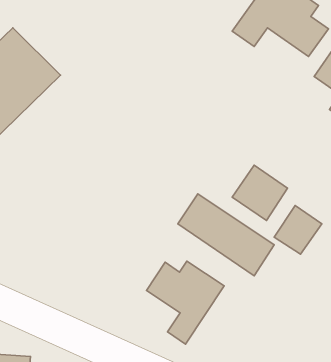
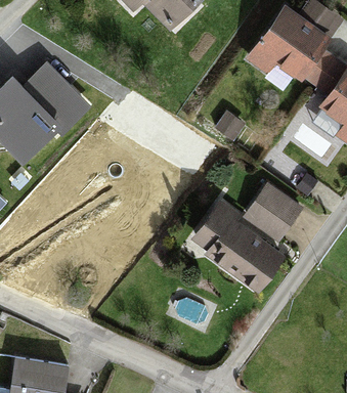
building: [274,206,322,254] -> none
building: [147,261,224,344] -> none

